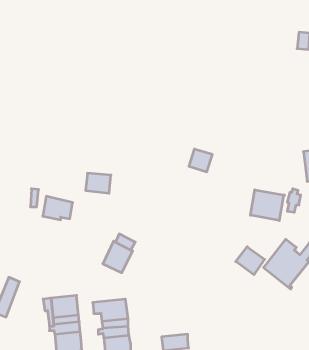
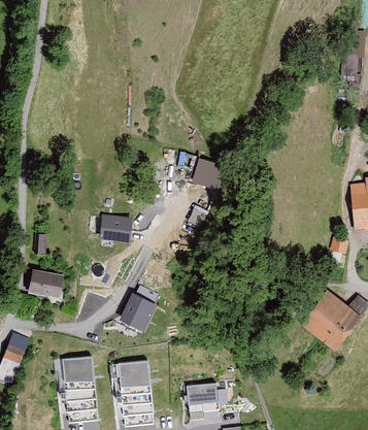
building: [189,149,212,172] -> [196,161,223,187]
building: [250,190,285,221] -> none
building: [43,196,73,220] -> [28,269,62,296]
building: [236,247,265,275] -> none
building: none -> [186,383,218,403]

